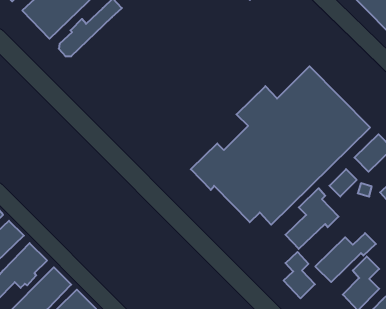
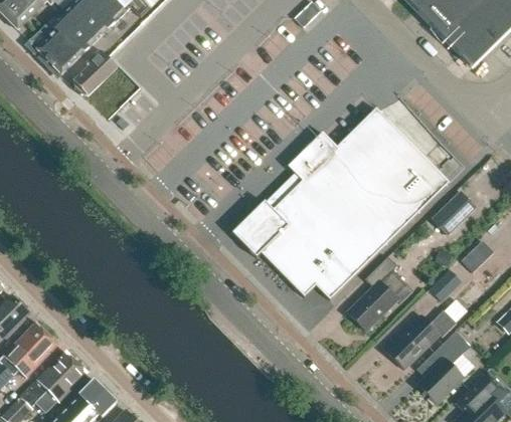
building: [329,169,357,197] -> [429,268,462,301]
building: [284,252,315,298] -> none

